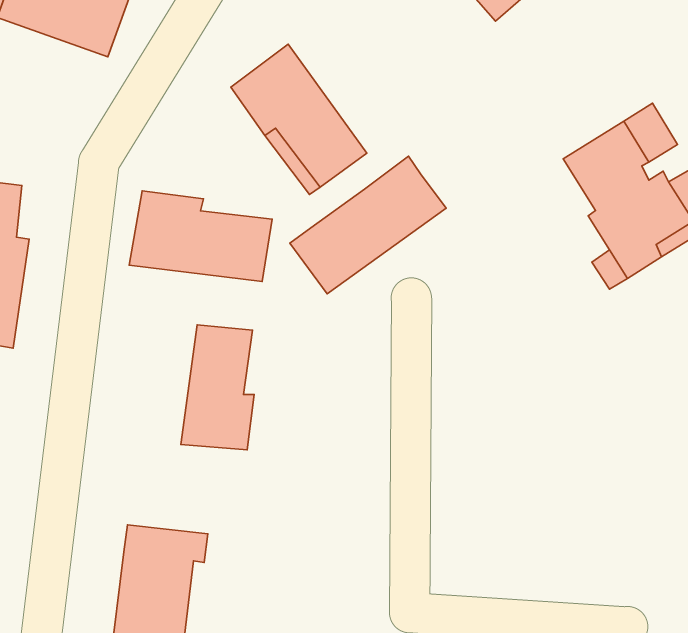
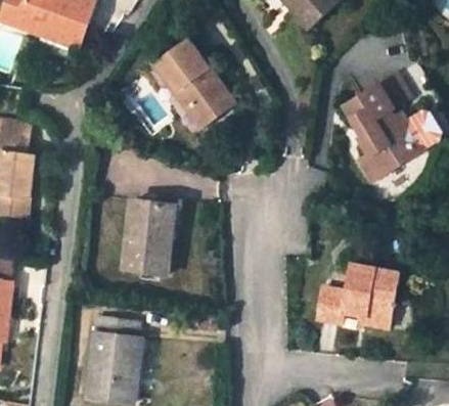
building: [290,156,446,294] -> none
building: [129,191,272,282] -> none
building: none -> [315,266,395,329]

